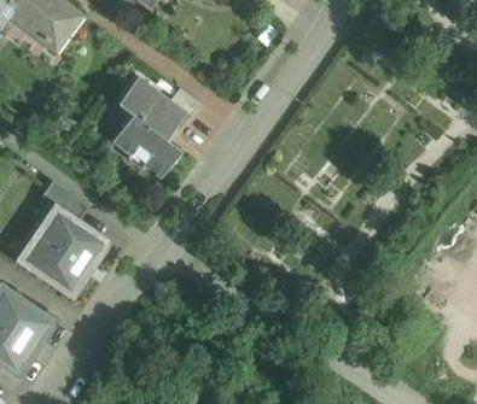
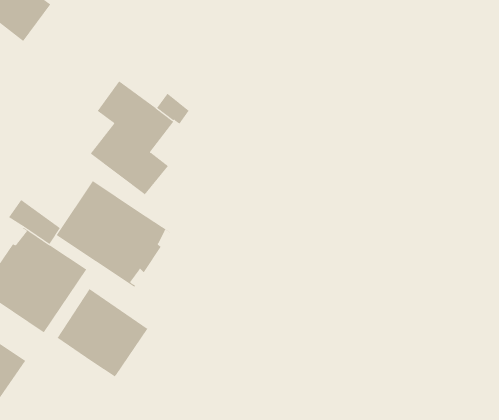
building: none -> [56,180,171,287]
building: none -> [57,288,148,377]

